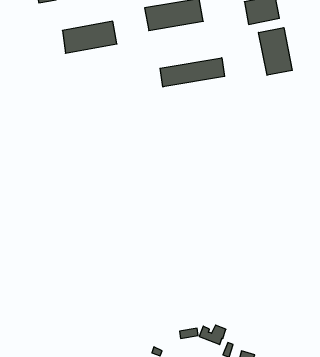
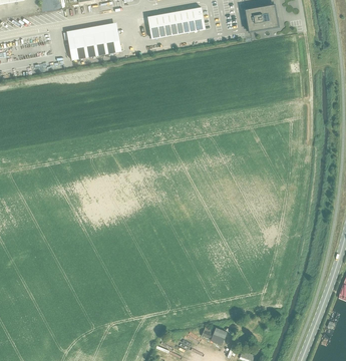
building: [259,28,292,75] -> none
building: [160,58,225,87] -> none

